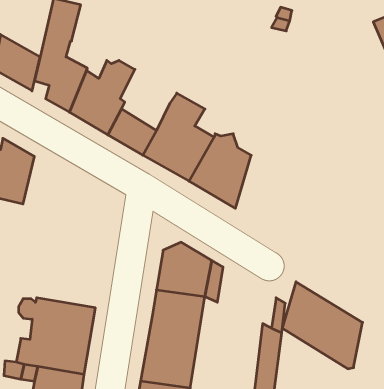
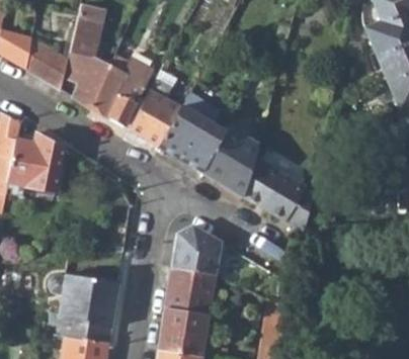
building: none -> [141,77,184,124]
building: [282,282,363,369] -> [243,153,315,231]

